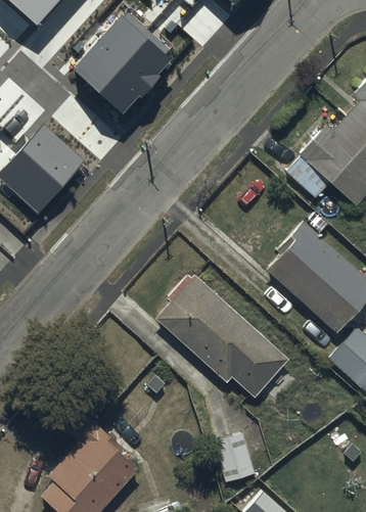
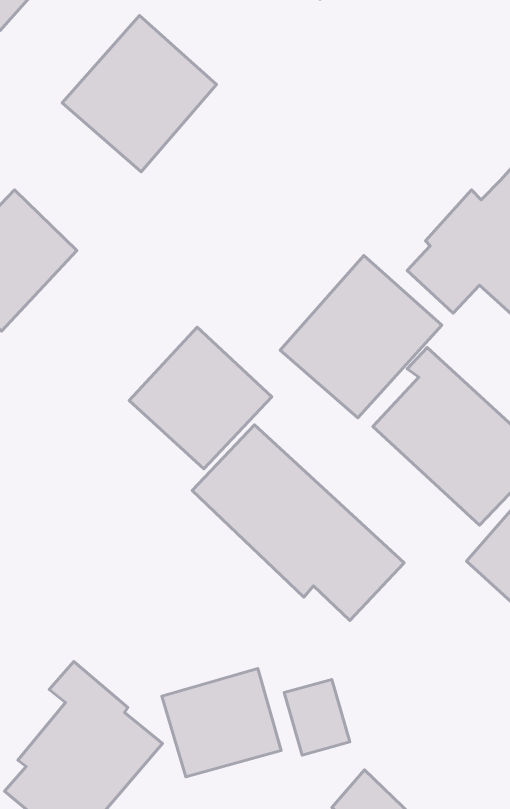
building: none -> [280,256,442,418]
building: none -> [129,327,272,469]
building: none -> [162,668,281,777]

